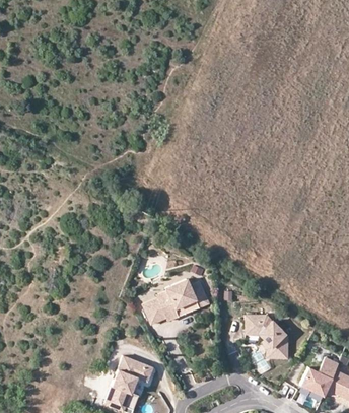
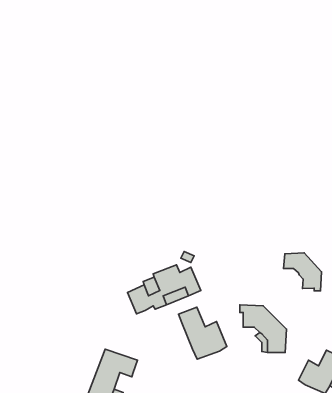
building: none -> [283,253,321,291]
building: none -> [178,307,227,359]

